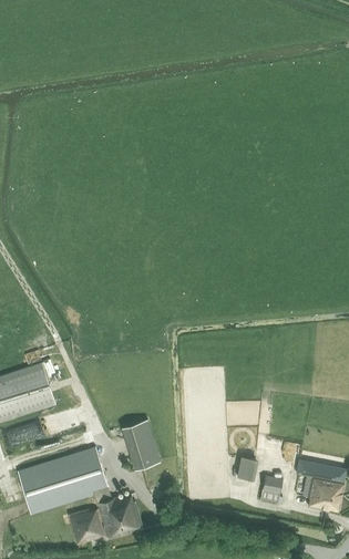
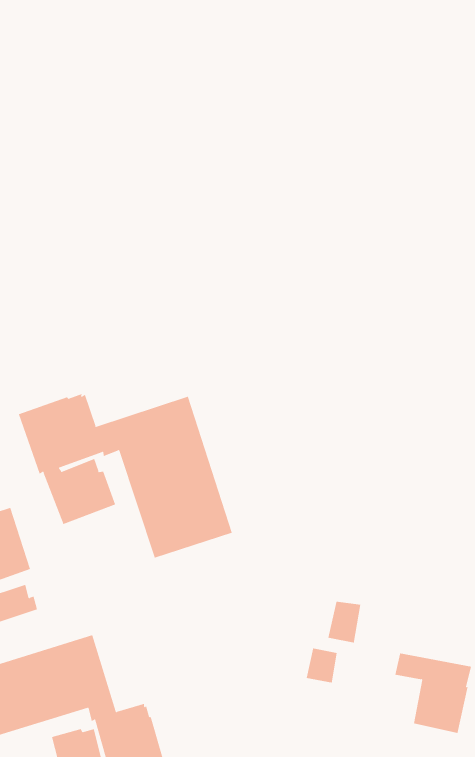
building: none -> [18,393,233,559]
building: [121,418,160,469] -> none
building: [259,475,281,503] -> [328,601,361,643]

